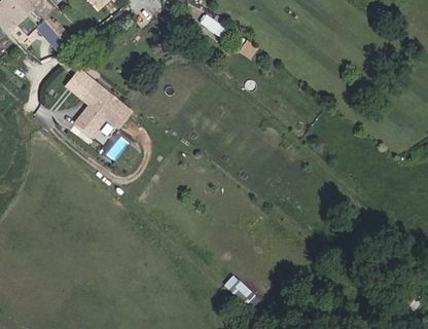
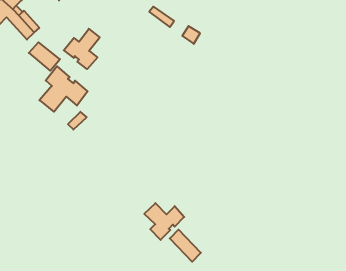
building: none -> [64,29,100,69]
building: none -> [144,203,184,240]

